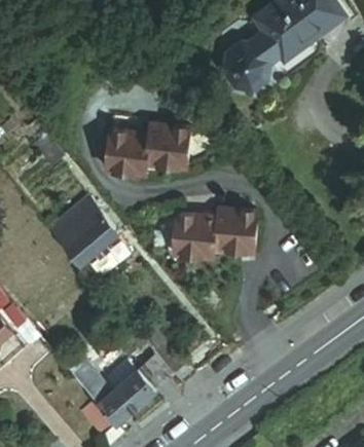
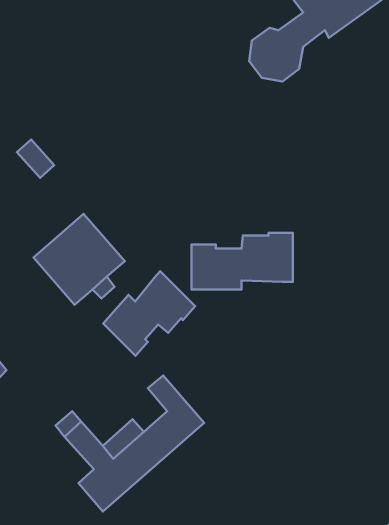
building: [106,127,187,173] -> none
building: none -> [103,271,195,356]

